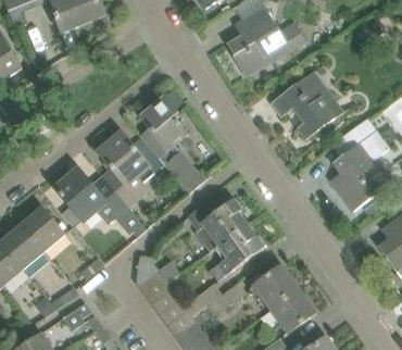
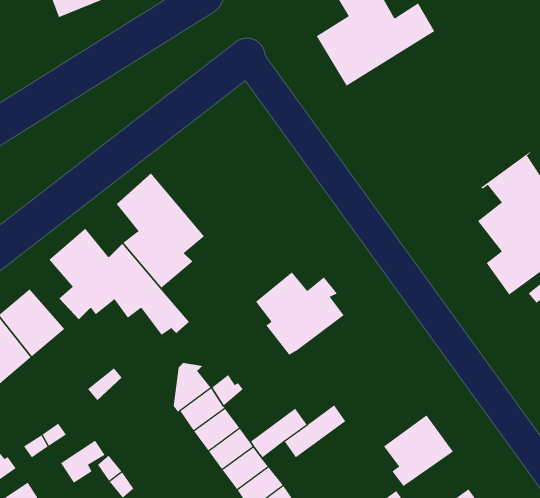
building: [269,70,343,139] -> none
building: [139,96,212,193] -> none
building: [210,221,266,280] -> none
building: [249,264,299,309] -> none

